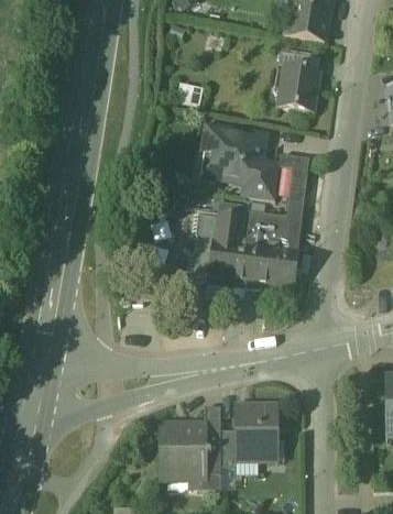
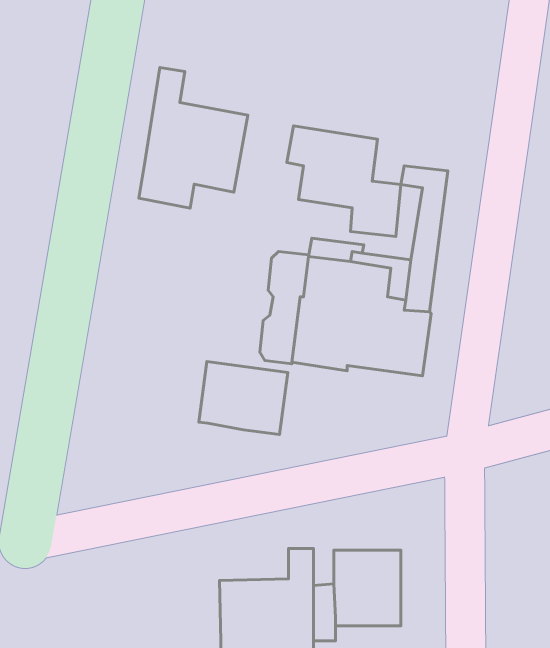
building: [280,63,318,108] -> none
building: none -> [139,68,248,208]
building: none -> [199,361,288,435]

